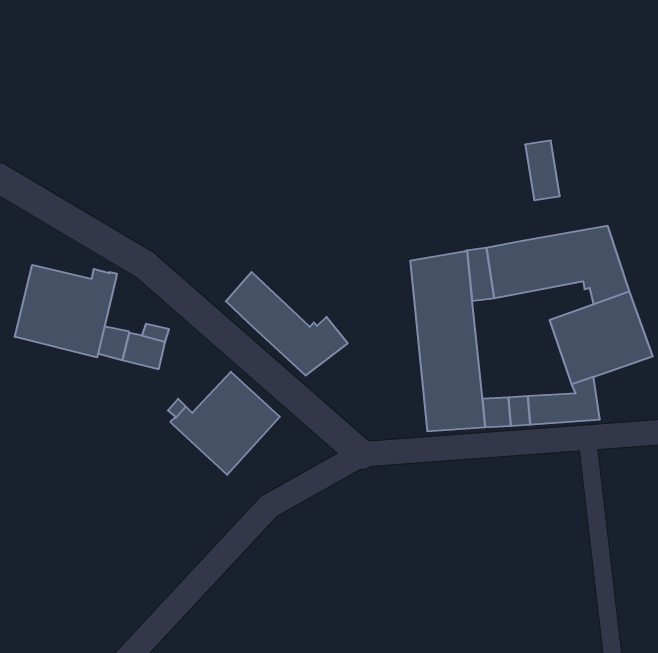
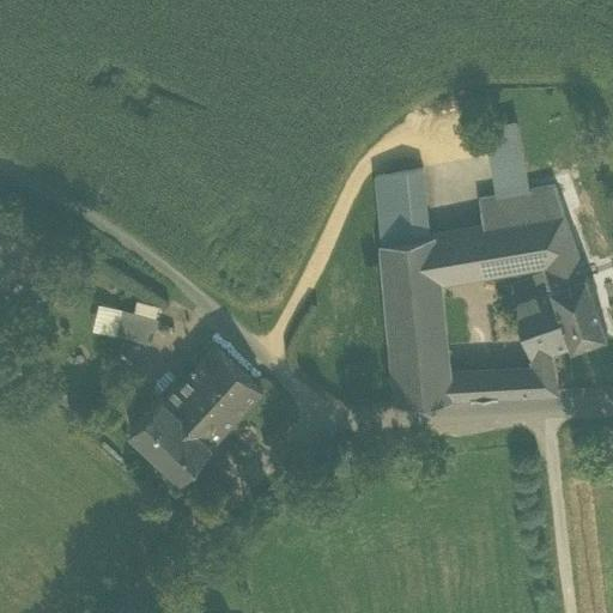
building: none -> [375,172,431,248]
building: none -> [479,189,564,230]
building: [15,265,117,357] -> none
building: [226,272,348,376] -> none
building: none -> [129,400,211,480]

